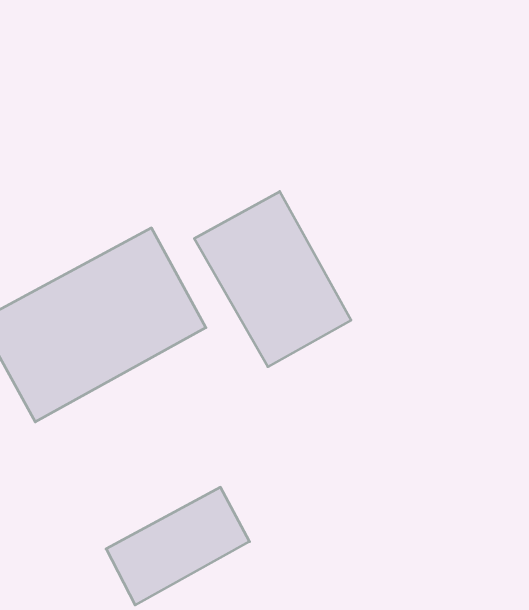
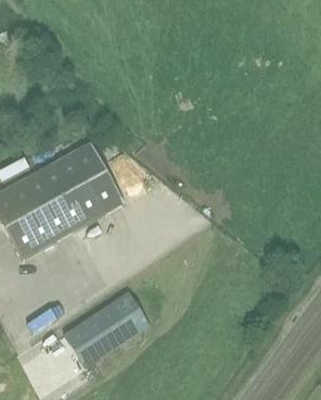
building: [194,191,351,367] -> none

